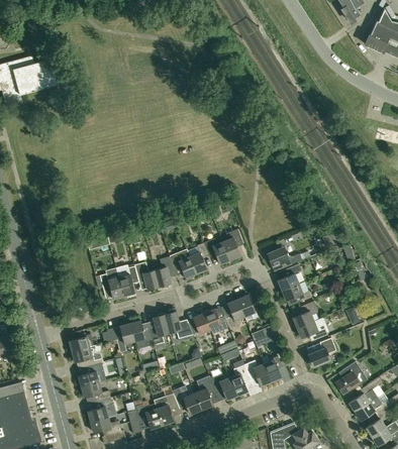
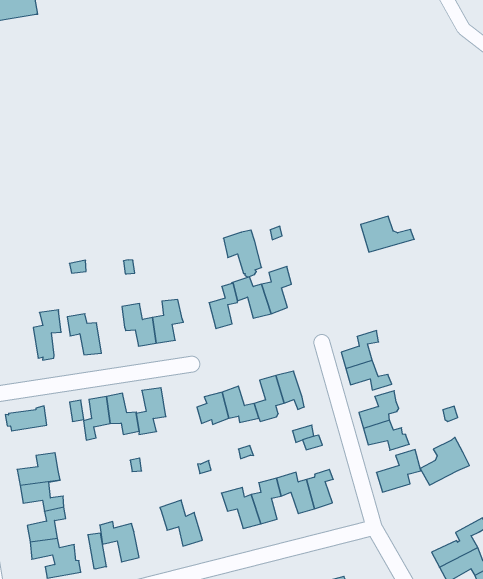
building: [267,246,302,270] -> [361,216,414,252]
building: [170,249,196,279] -> [223,230,262,277]
building: [119,263,137,297] -> [33,310,61,360]
building: [165,308,193,338] -> none
building: [72,345,103,365] -> none
building: [335,360,367,392] -> [420,437,469,485]
building: [194,374,215,409] -> none
building: [154,392,178,424] -> none

